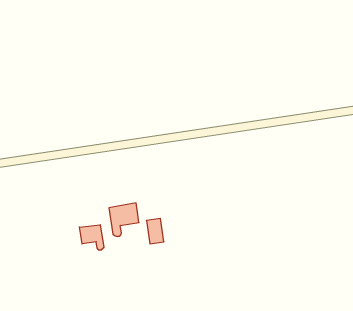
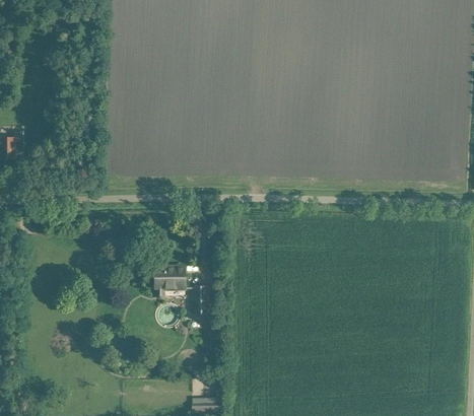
building: [79,225,104,250] -> none

